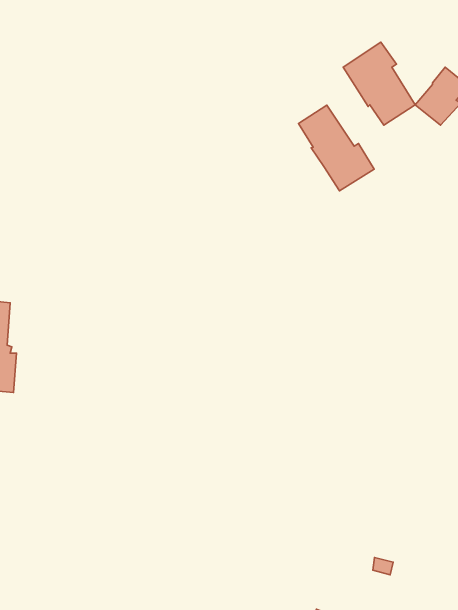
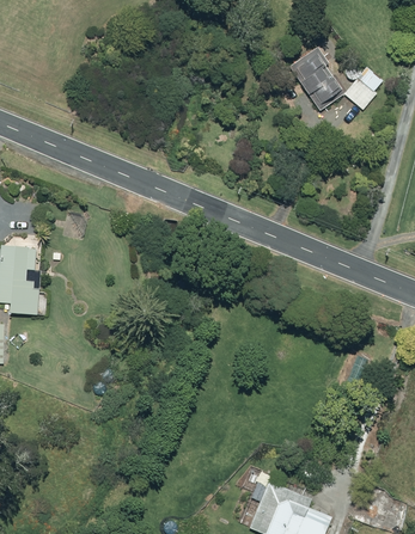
building: [299,105,374,191] -> none

